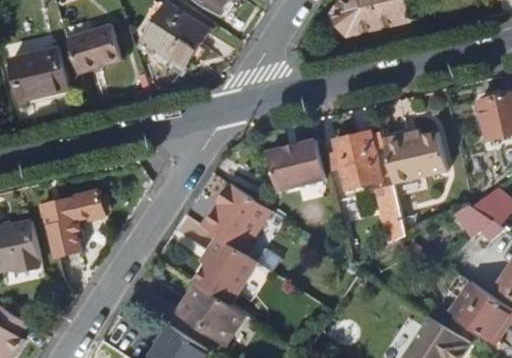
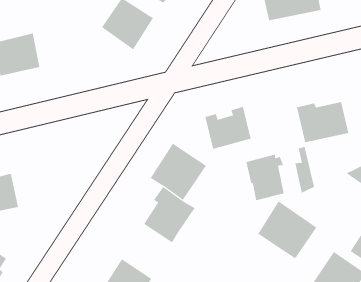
building: [66,27,121,76] -> none
building: [333,130,381,188] -> [246,154,285,201]
building: [39,191,102,256] -> none
building: none -> [258,200,317,259]
building: [173,282,244,347] -> none

